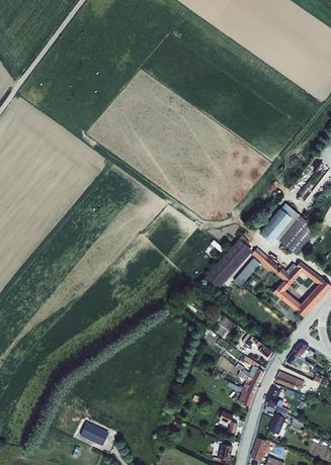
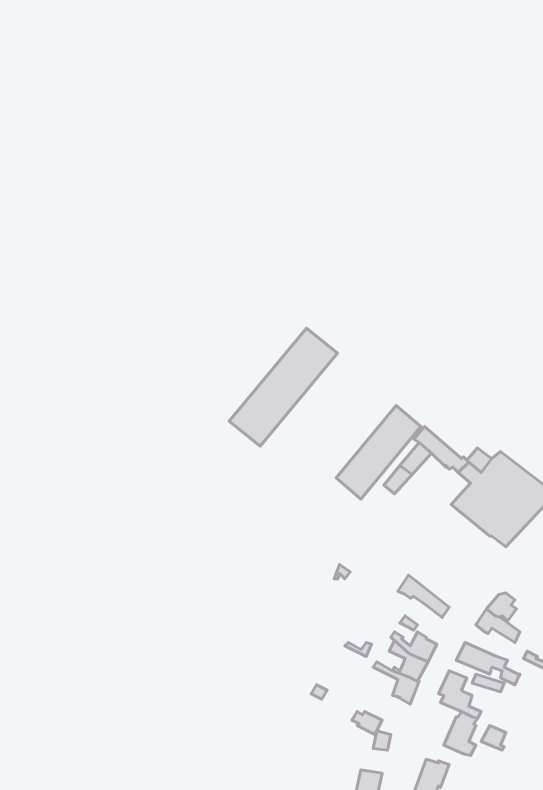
building: none -> [229,328,338,446]
building: [261,201,318,254] -> none
building: [79,422,108,446] -> none

